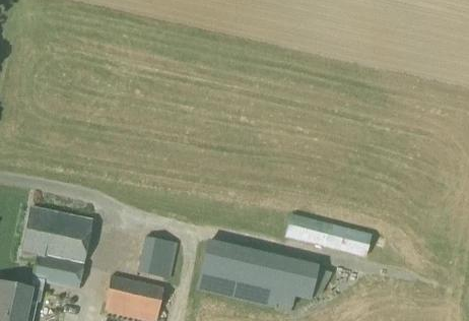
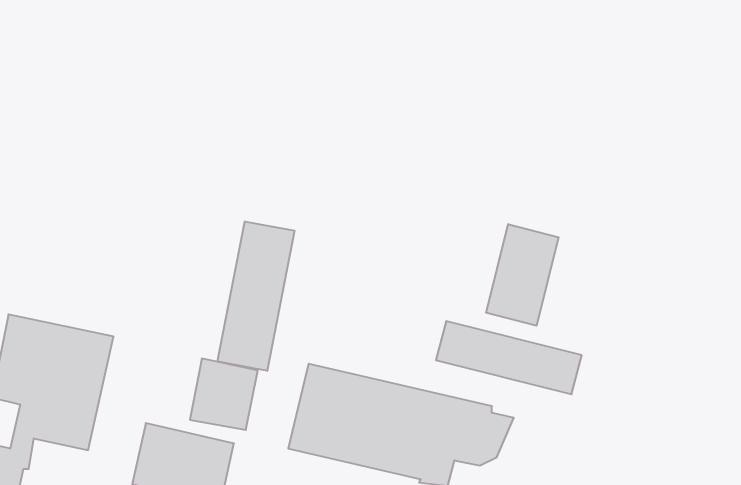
building: none -> [218,221,295,371]
building: none -> [486,224,559,326]

